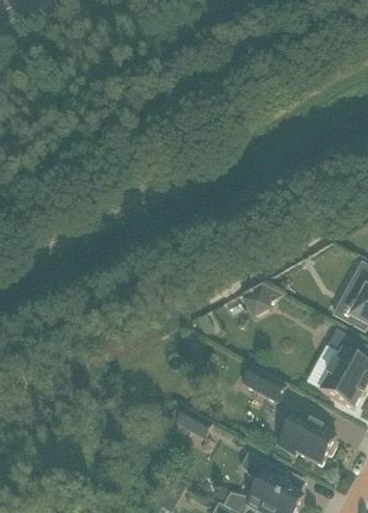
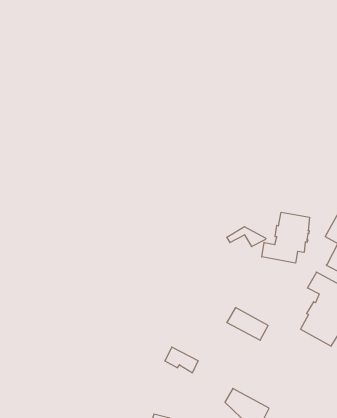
building: none -> [262,212,309,263]
building: [277,408,337,464] -> none

